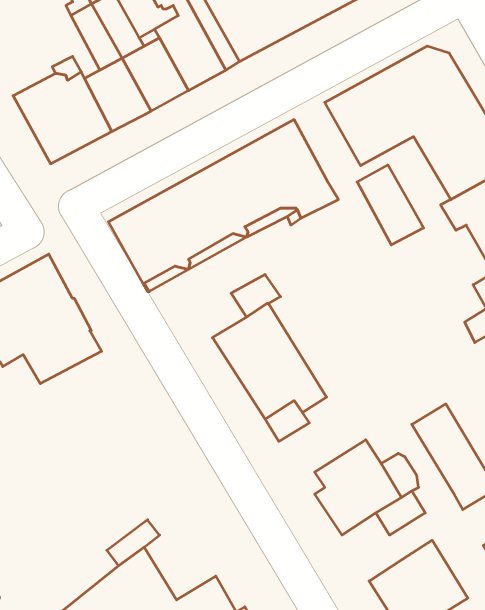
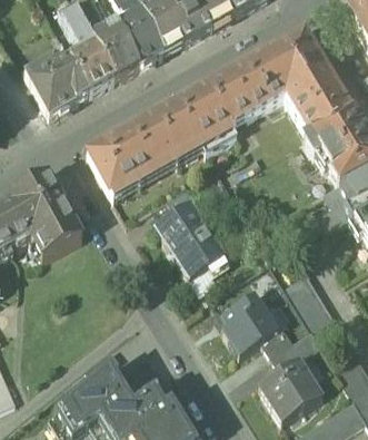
building: [357,165,424,245] -> [208,72,251,125]
building: none -> [269,329,321,371]

